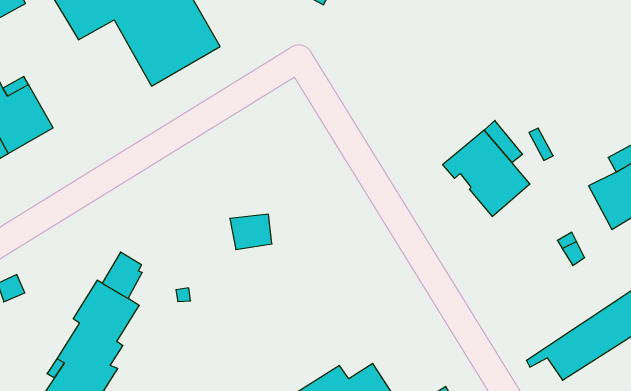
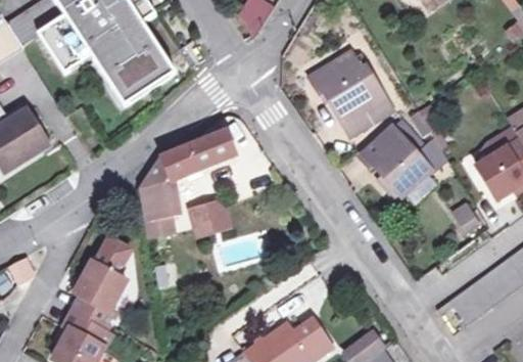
building: none -> [308,49,389,134]
building: none -> [141,130,236,234]

